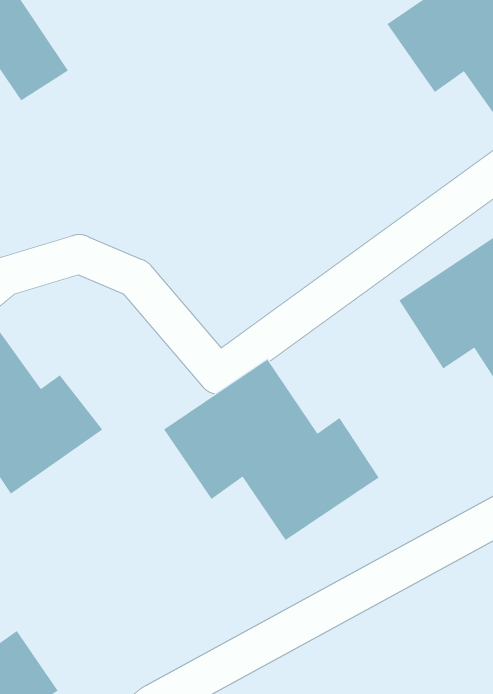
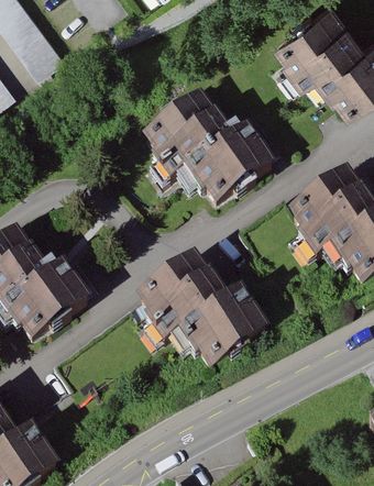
building: none -> [135,90,272,203]

